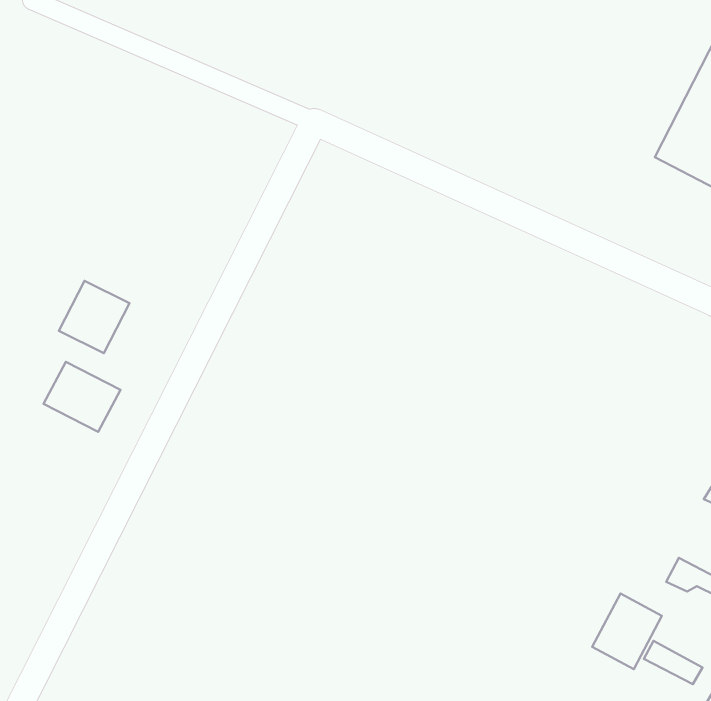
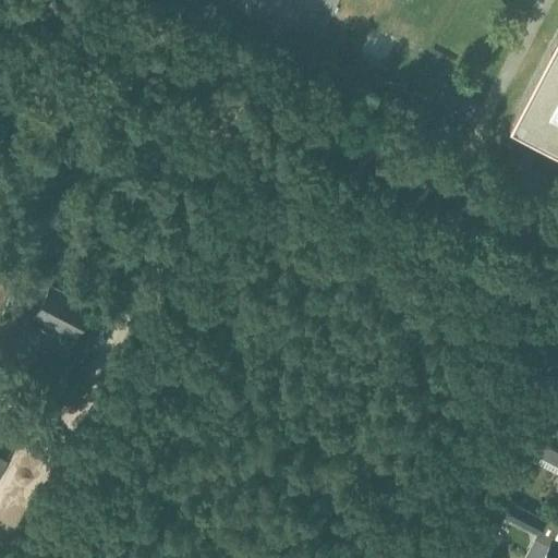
building: [59,281,130,353] -> none
building: [592,593,662,669] -> none

